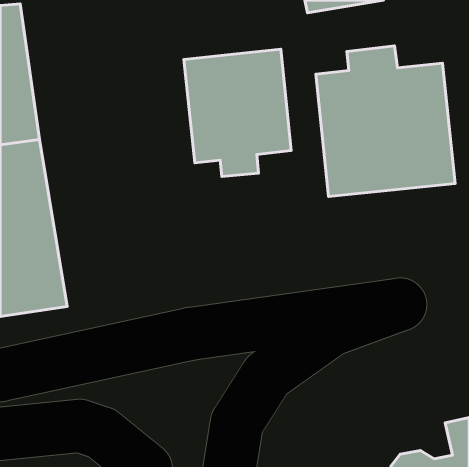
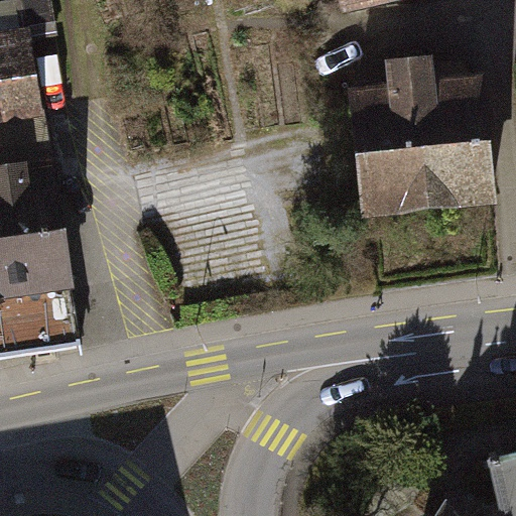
building: [184,49,291,177] -> none

